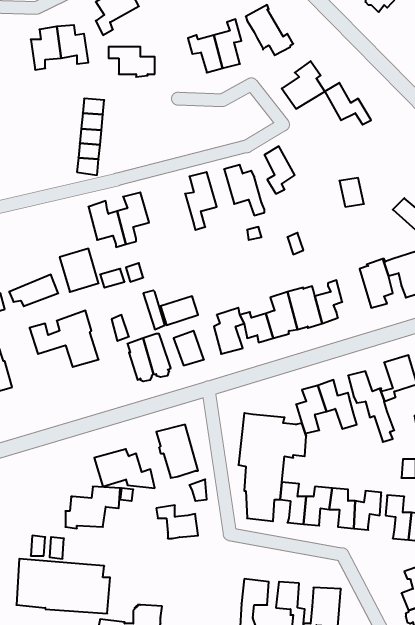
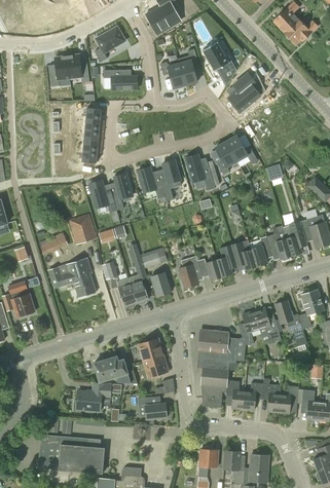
building: [325,83,371,125] -> [225,134,258,163]
building: none -> [137,165,164,197]
building: none -> [266,225,292,261]

